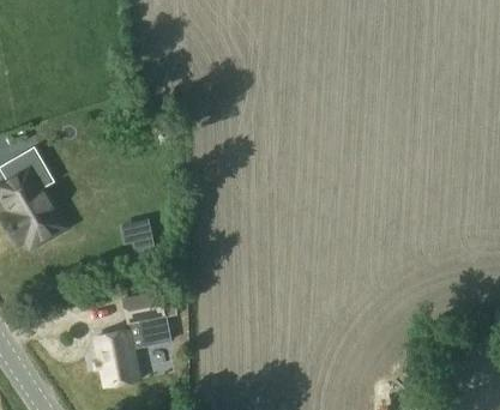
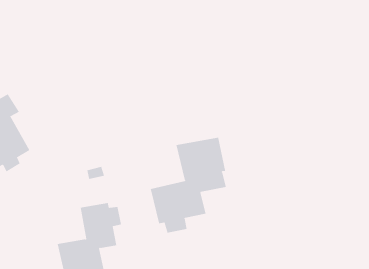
building: none -> [150,137,226,234]

